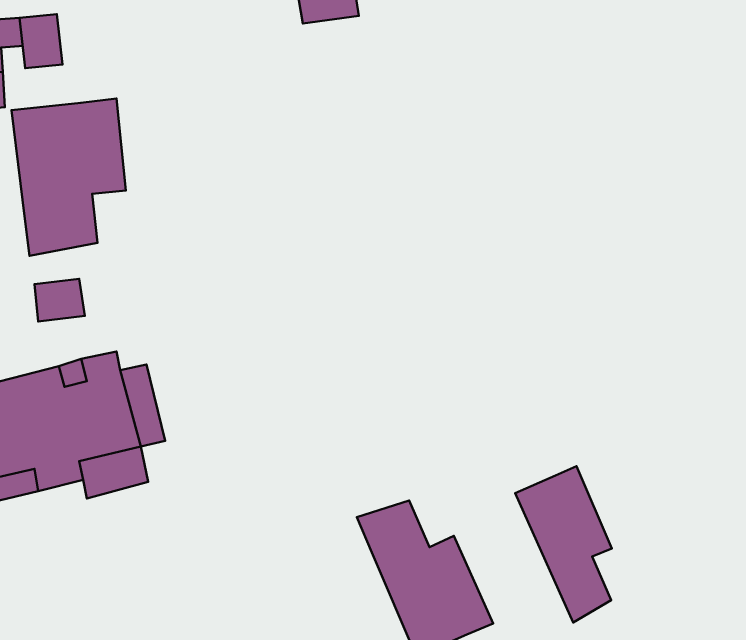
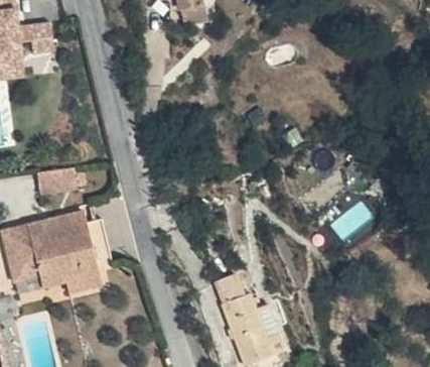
building: [11,98,126,256] -> none
building: [515,466,612,623] -> none

